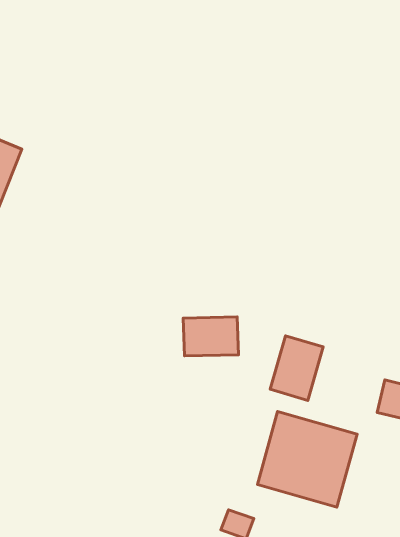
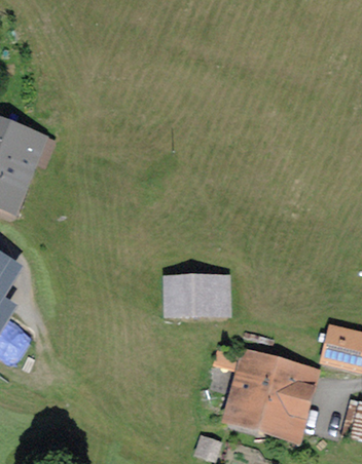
building: [270,336,323,401] -> none

